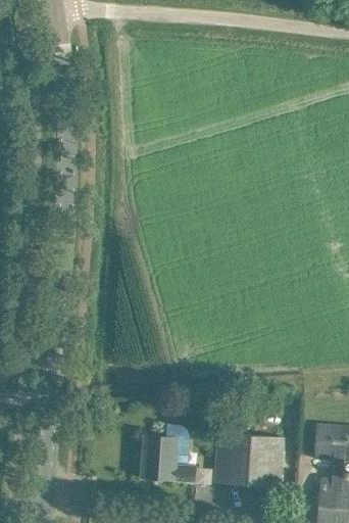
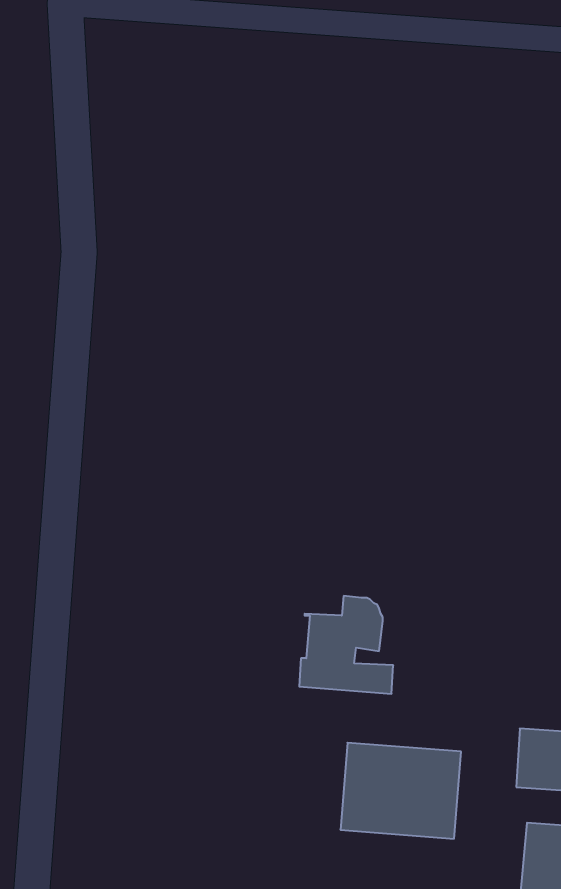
building: [141,425,195,481] -> [299,596,393,694]

